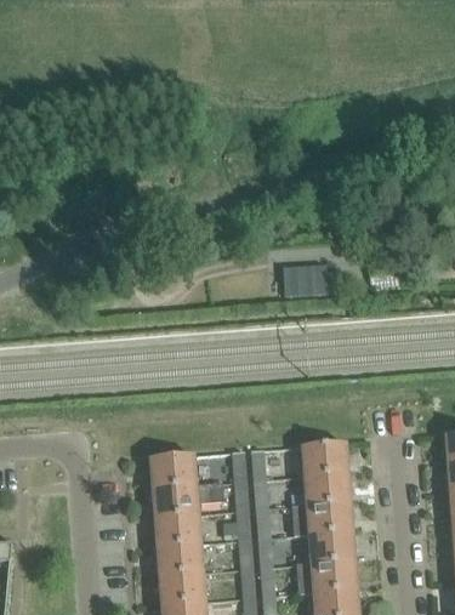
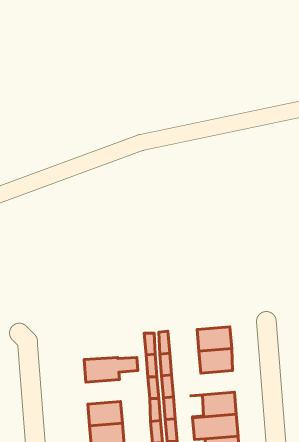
building: [281,266,328,296] -> none
building: [150,456,197,488] -> none
building: [291,502,352,536] -> none
building: [154,514,200,547] -> none

